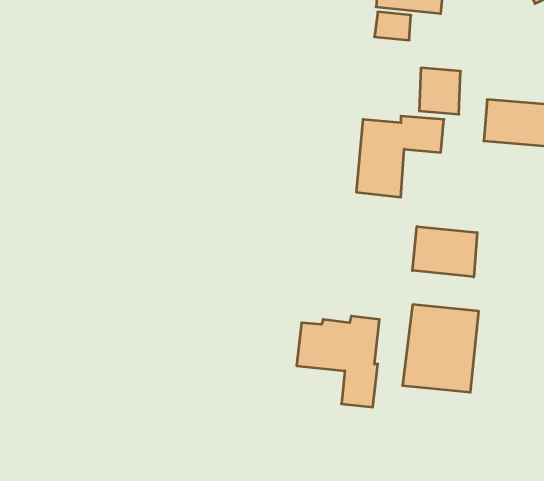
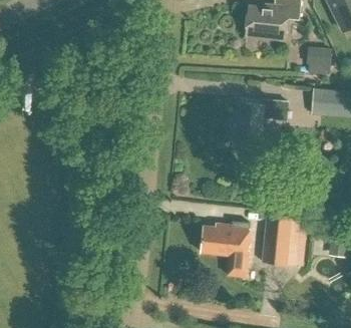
building: [419,68,461,114] -> [310,46,335,74]
building: [412,226,477,277] -> none

